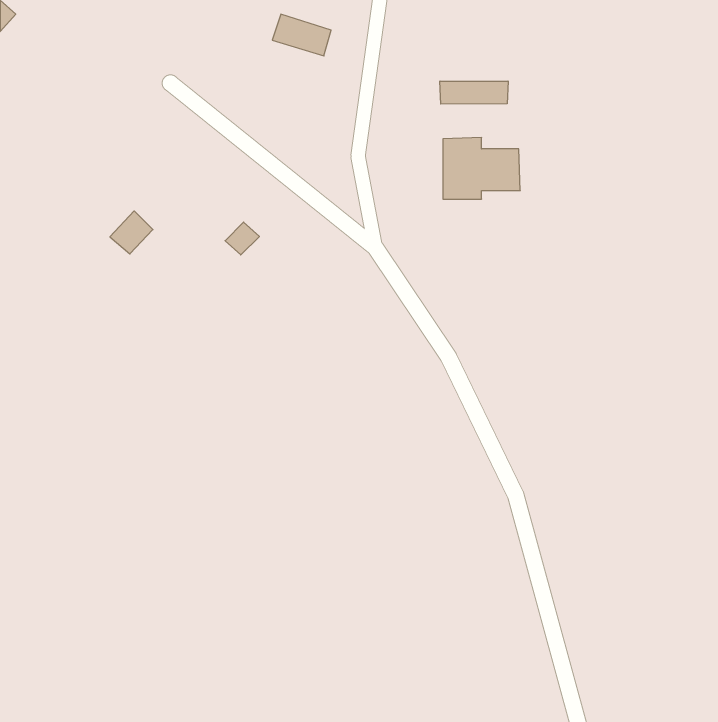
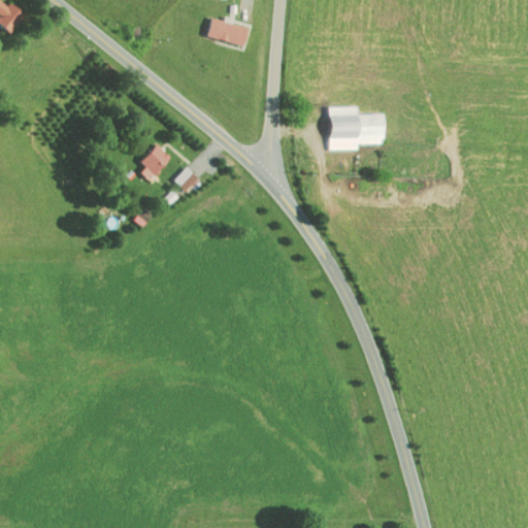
building: [440,81,508,104] -> none
building: [110,211,153,254] -> [139,144,170,175]

